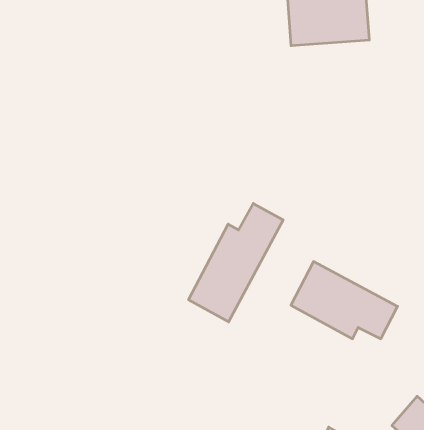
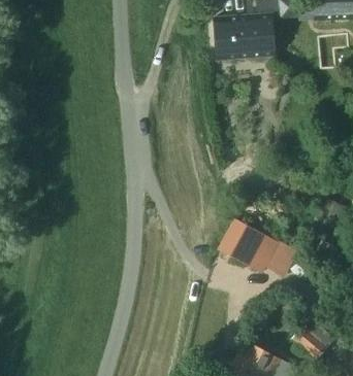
building: [189,203,283,322] -> none

